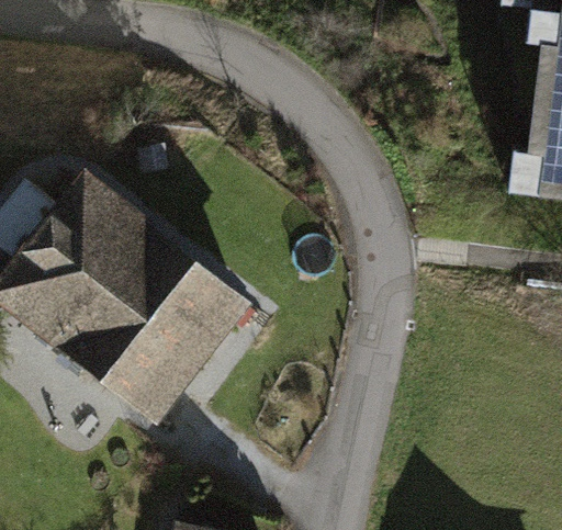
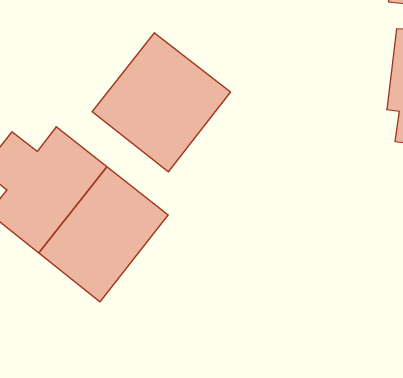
building: none -> [92,33,230,172]

